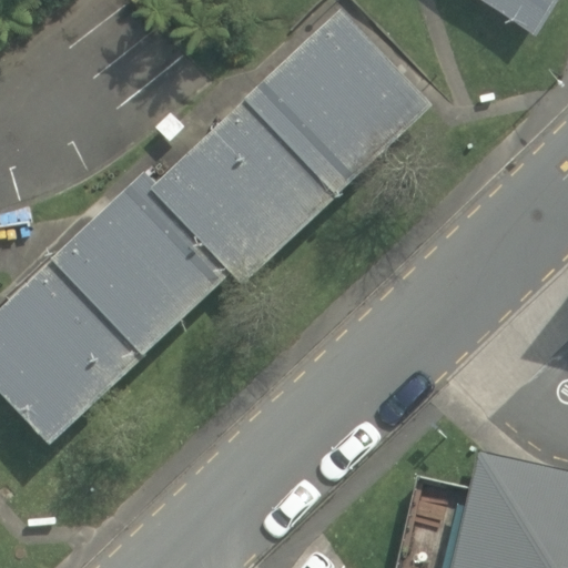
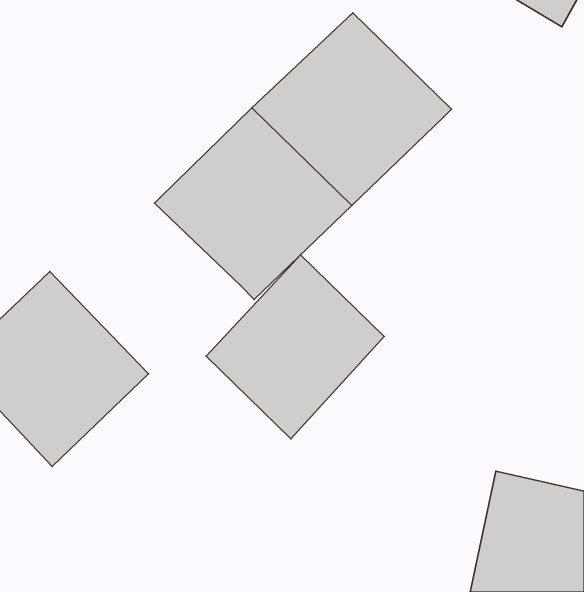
building: [48,176,230,357] -> none
building: none -> [206,255,384,439]

